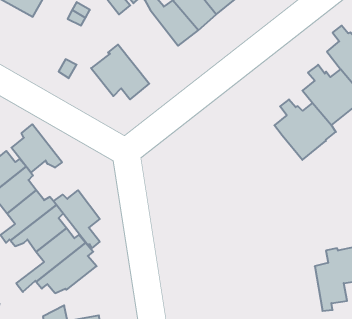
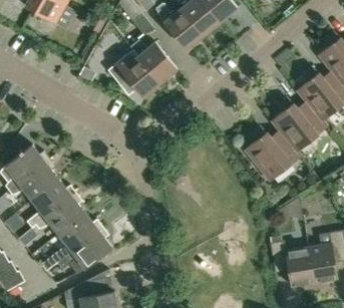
building: none -> [128,37,178,83]
building: [11,124,62,173] -> none
building: none -> [245,125,301,181]
building: [54,190,100,248] -> none
building: none -> [270,240,315,289]

